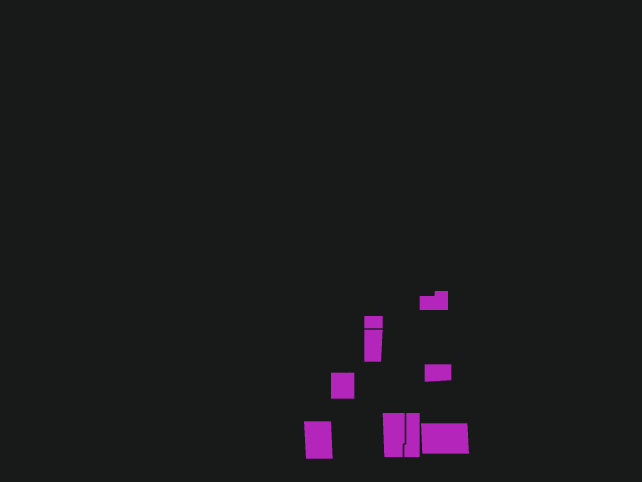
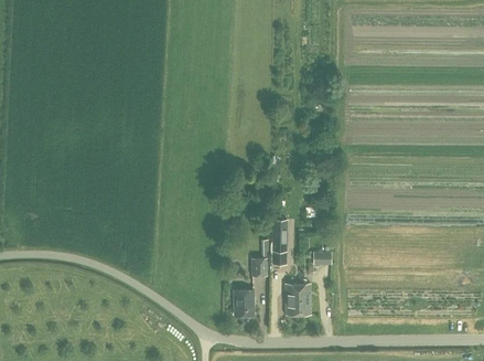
building: [420,423,469,455] -> none

